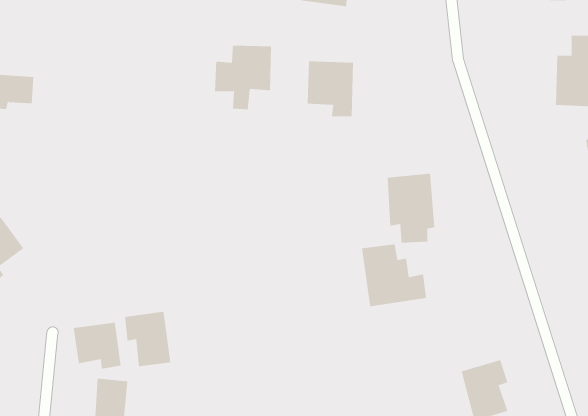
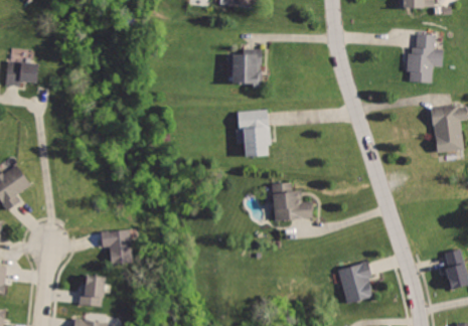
building: [214,45,271,110] -> none
building: [387,173,435,243] -> [237,107,271,156]
building: [73,322,121,370] -> none

